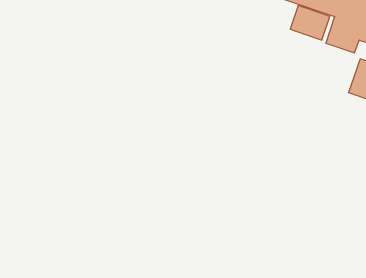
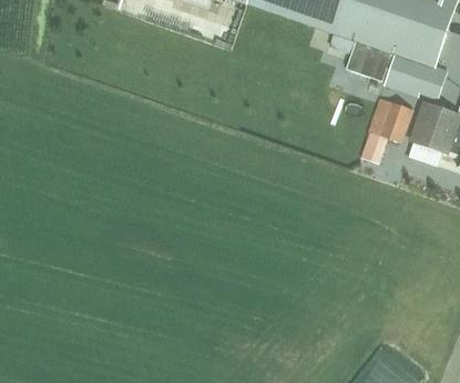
building: none -> [366,95,415,142]

